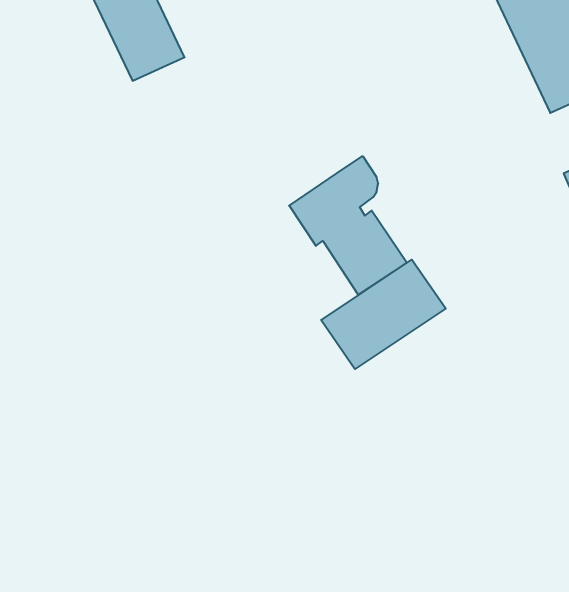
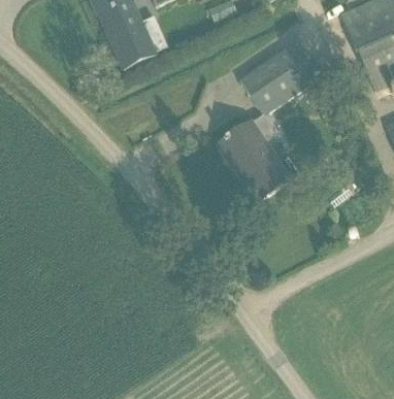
building: none -> [239,41,319,115]
building: [321,260,446,369] -> none

